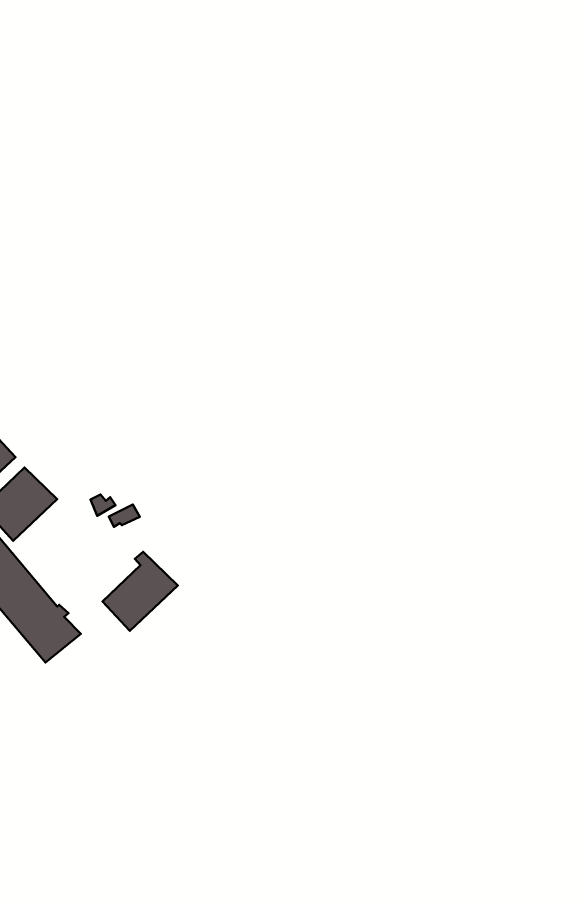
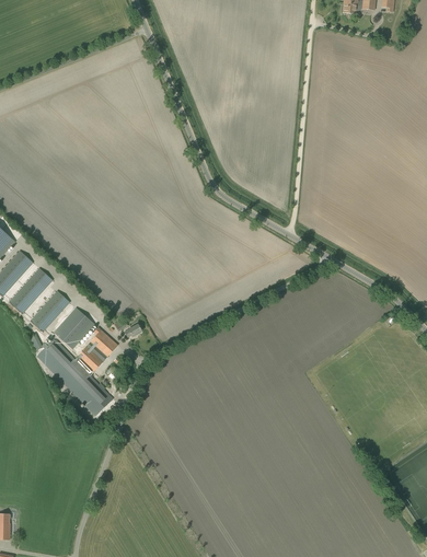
building: [103,552,178,631] -> [77,327,118,372]

